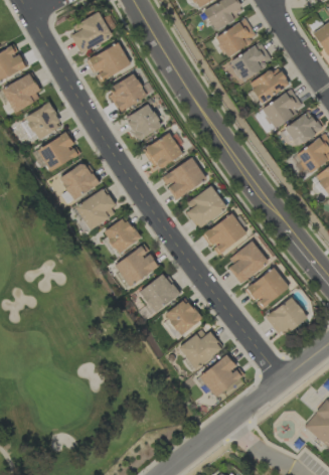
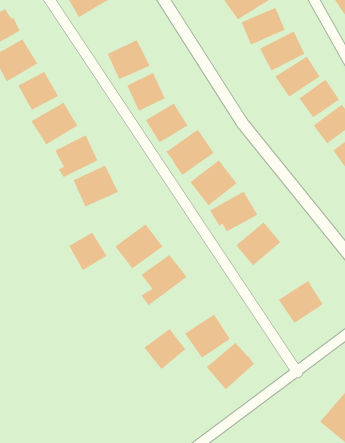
building: [87,43,131,82] -> none
building: [104,217,140,254] -> [68,232,108,271]
building: [245,268,289,310] -> none
building: [162,300,201,338] -> [144,328,186,370]

